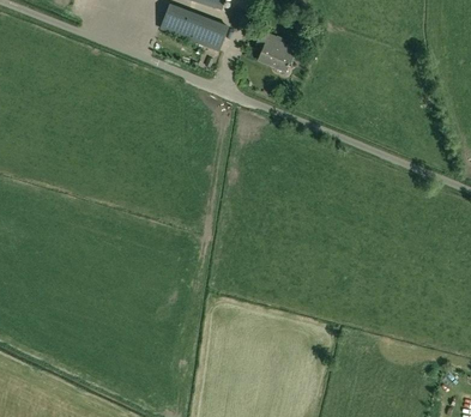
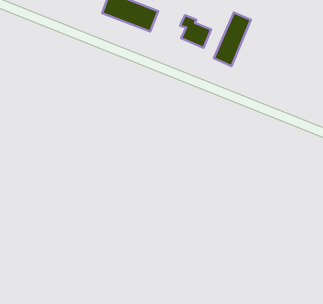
building: none -> [214,12,251,66]

